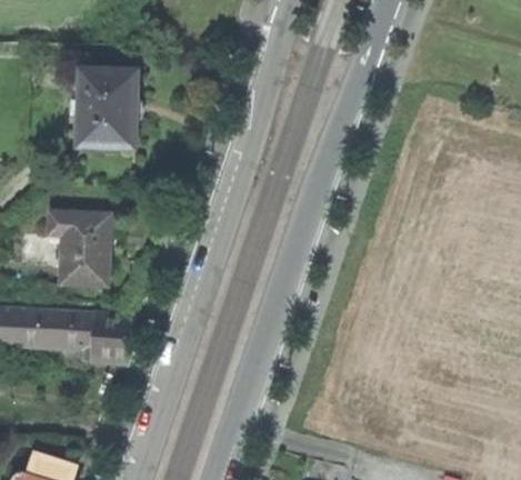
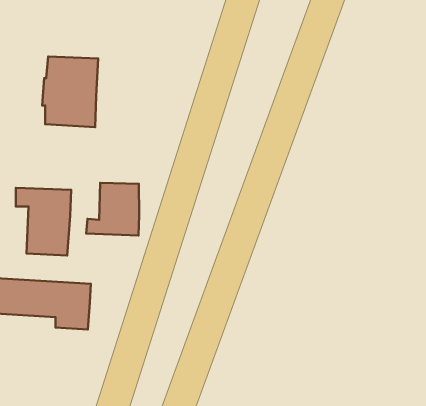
building: none -> [86,183,139,236]

